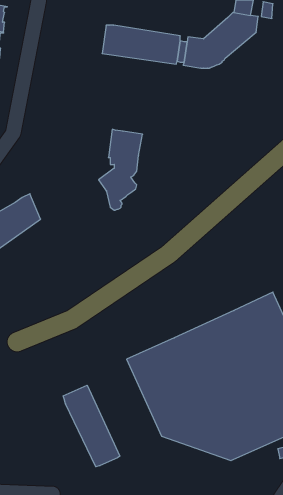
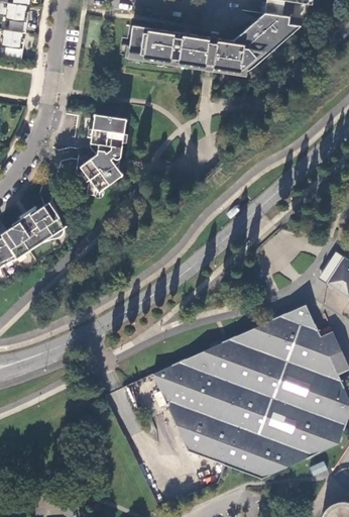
building: [99,129,143,210] -> [81,115,126,199]
building: [63,385,120,467] -> none

